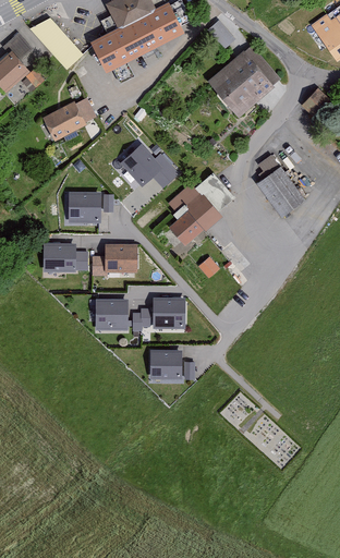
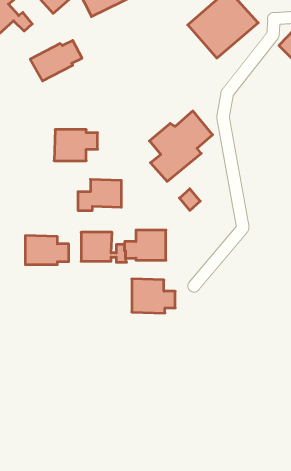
building: [119,143,179,187] -> none
building: [256,153,304,216] -> none
building: [41,242,87,272] -> [25,236,69,265]

